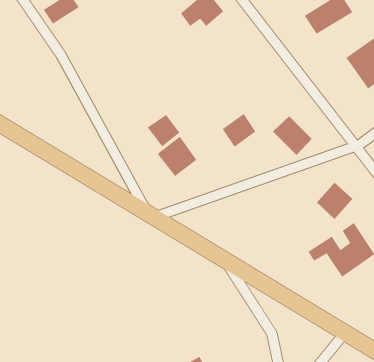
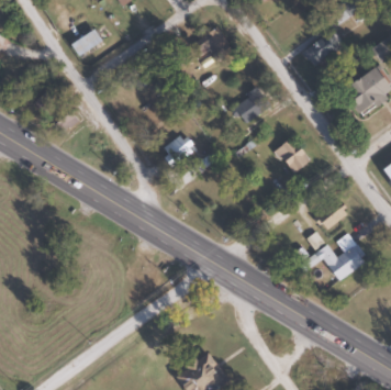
building: [222,113,256,148] -> [233,94,264,125]
building: [157,136,197,177] -> none

